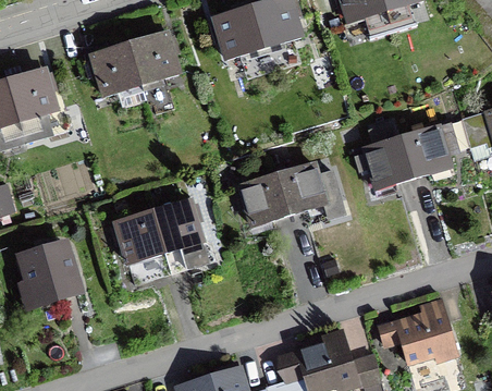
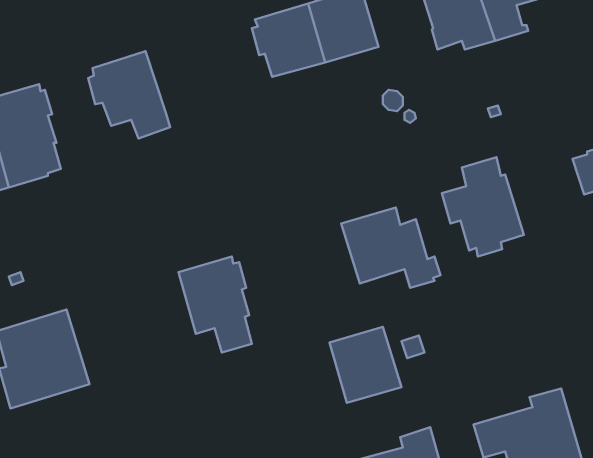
building: [128,27,184,87] -> none
building: [401,120,460,182] -> none
building: [236,171,291,229] -> [330,327,401,403]
building: [110,208,172,283] -> none

